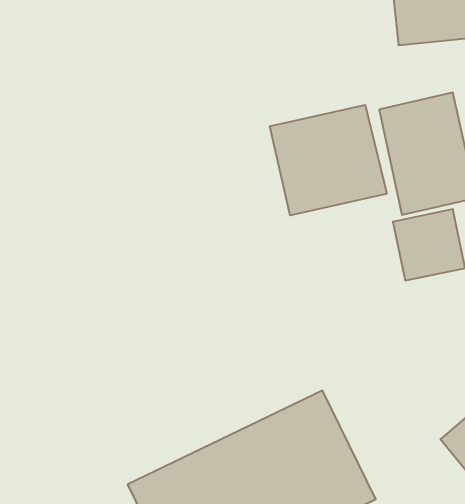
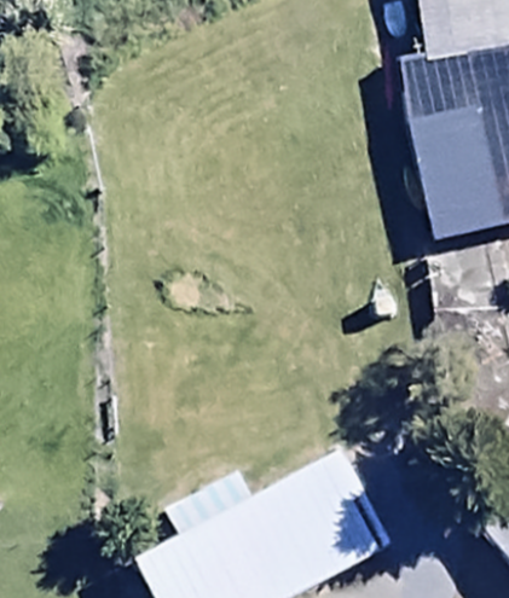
building: [270,105,387,215] -> none

